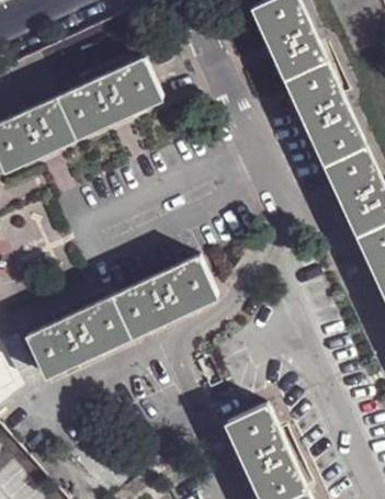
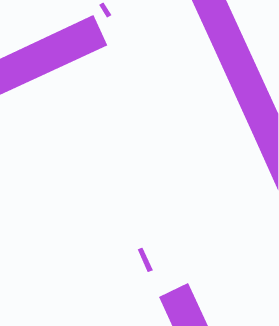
building: [26,257,215,377] -> none

